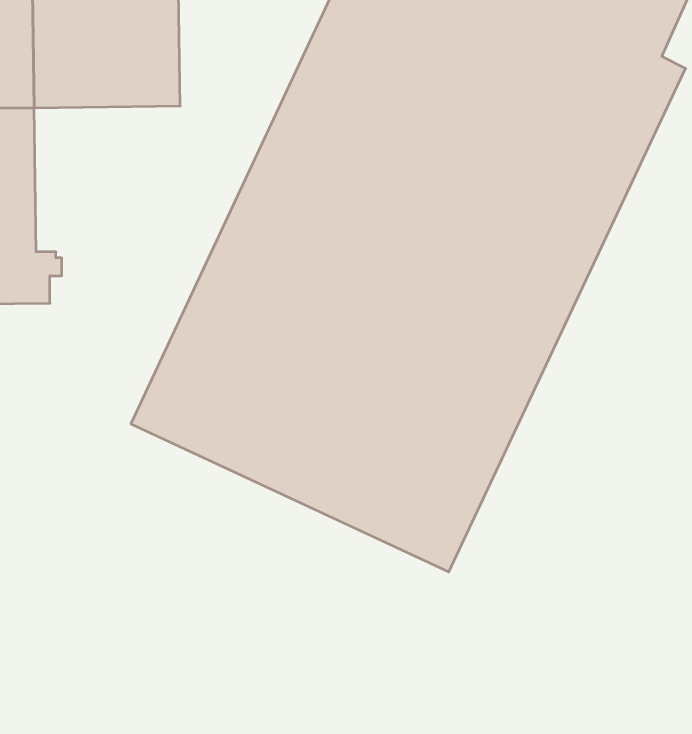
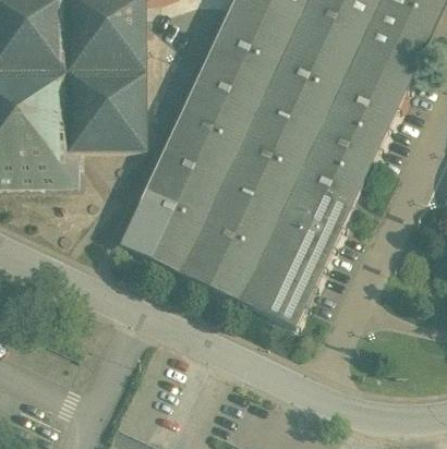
building: none -> [64,71,146,151]

